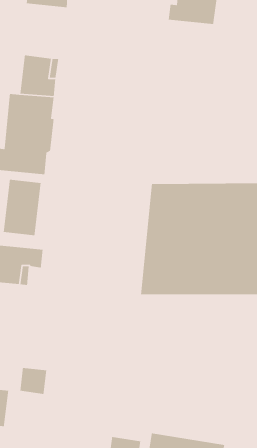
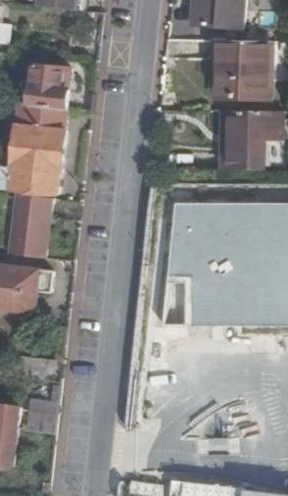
building: none -> [212,39,266,99]
building: none -> [221,110,281,170]

